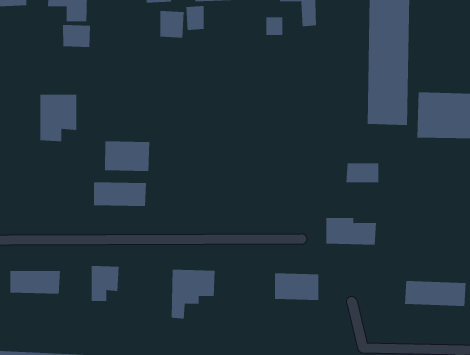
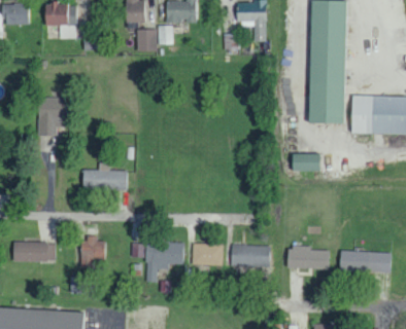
building: [63,24,91,48] -> none
building: [105,141,150,172] -> none
building: [326,218,377,245] -> [287,247,330,269]
building: none -> [194,244,224,265]

